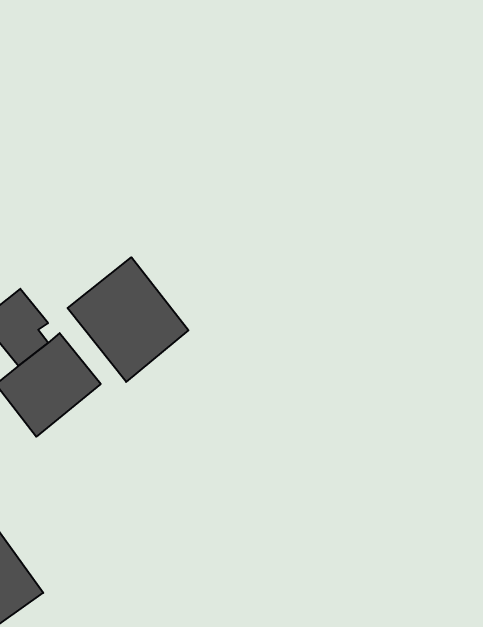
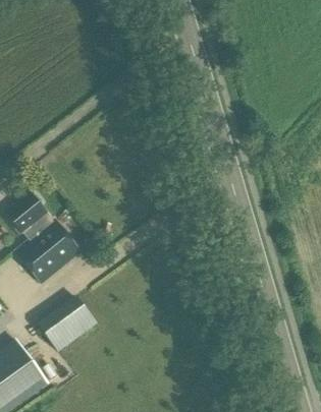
building: [68,257,188,382] -> none
building: none -> [37,298,98,352]

